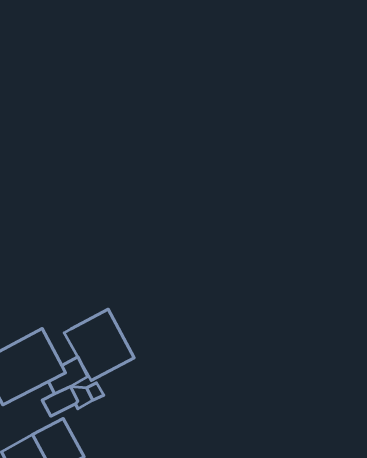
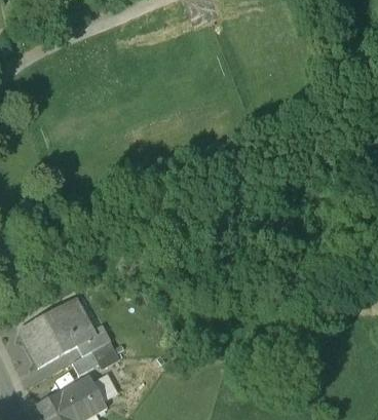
building: [64,309,134,380] -> none

